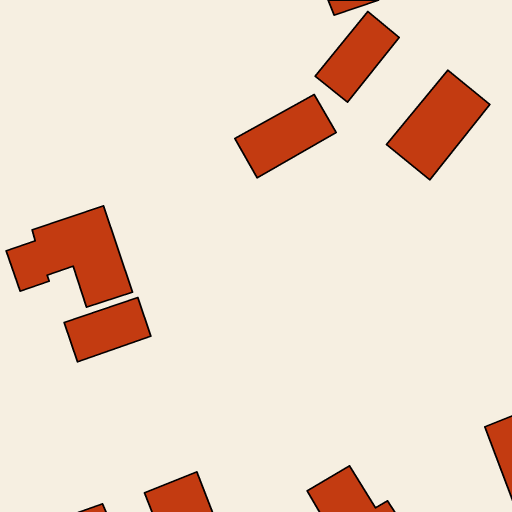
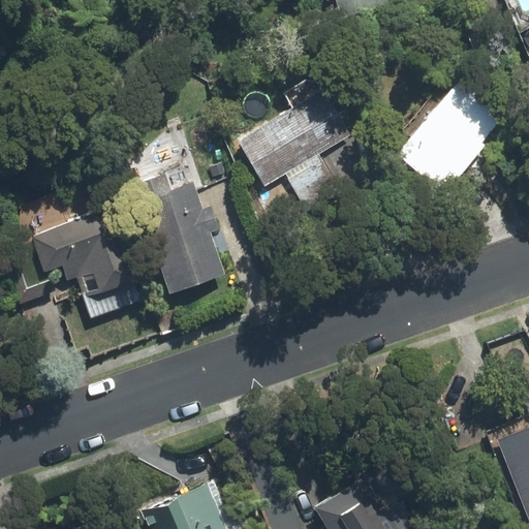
building: [315,12,399,102] -> none
building: none -> [135,181,220,290]
building: [64,298,151,362] -> none

